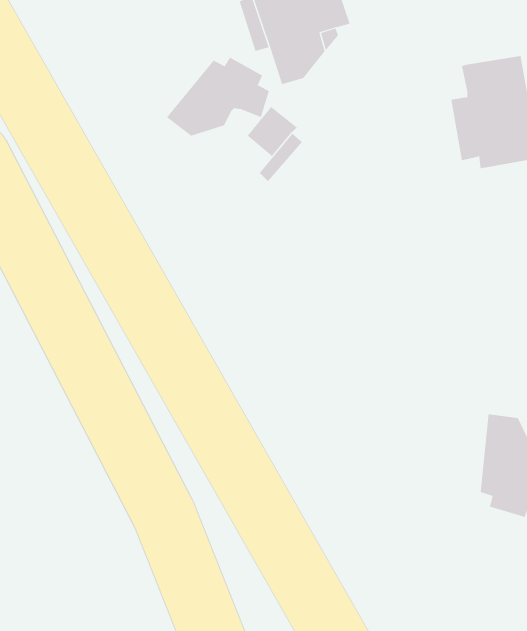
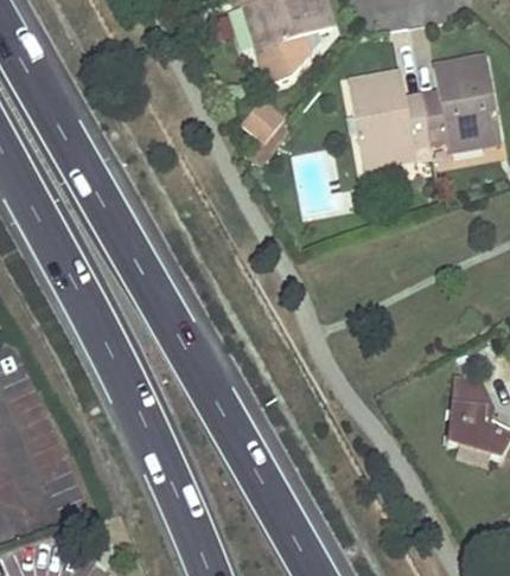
building: [166,57,270,136] -> none
building: none -> [348,69,432,169]

